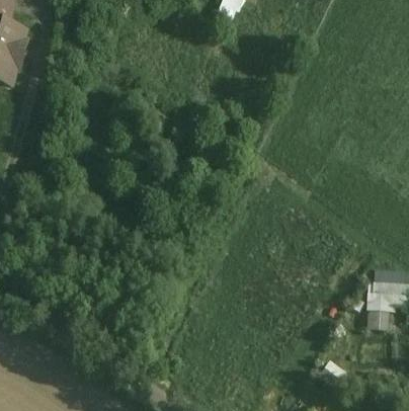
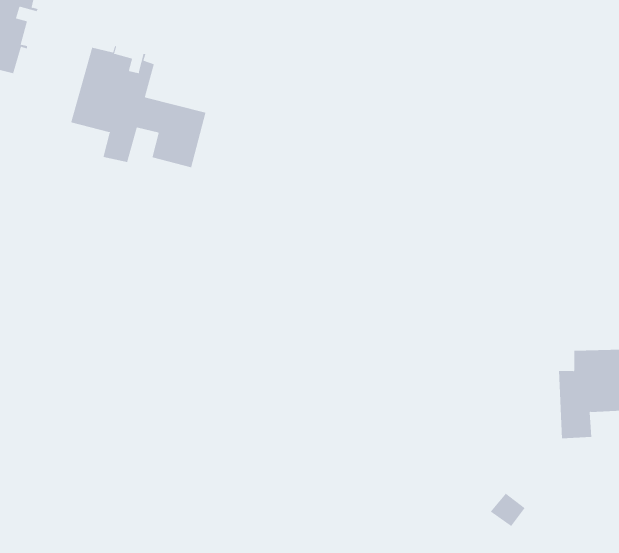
building: none -> [70,45,206,168]

